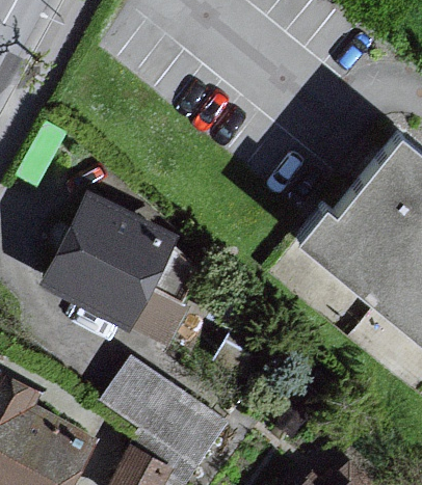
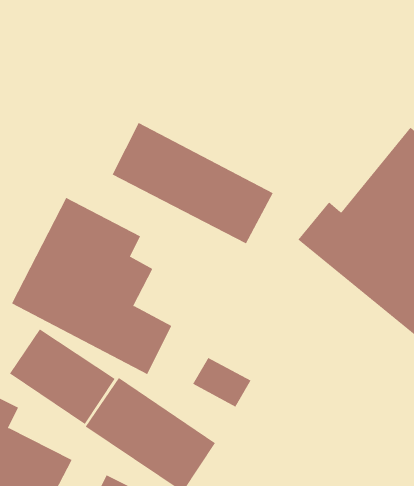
building: none -> [112,122,274,244]
building: none -> [9,329,115,425]

